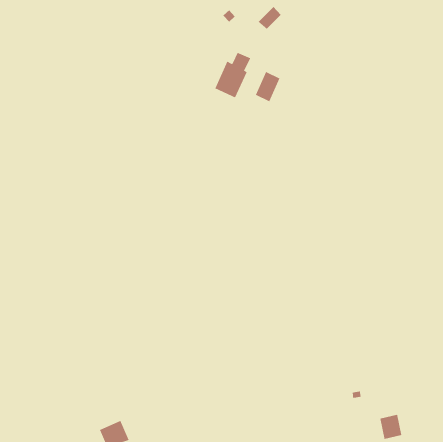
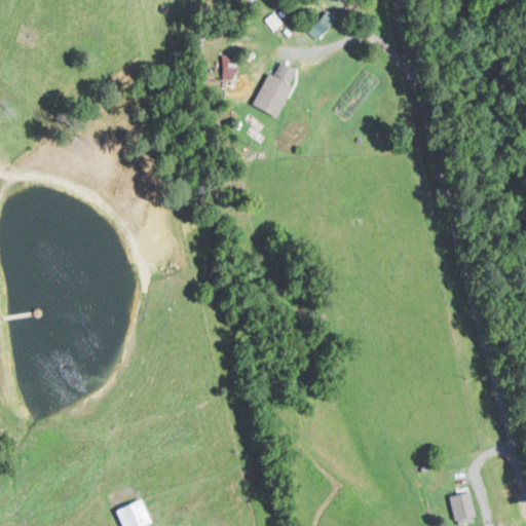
building: none -> [219,54,234,81]
building: [255,71,280,102] -> none

